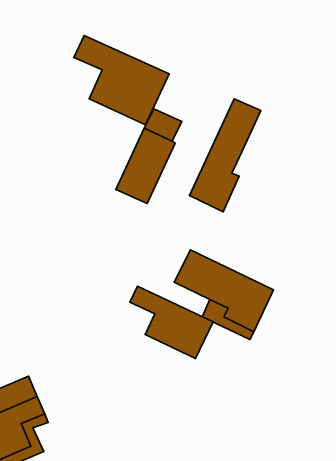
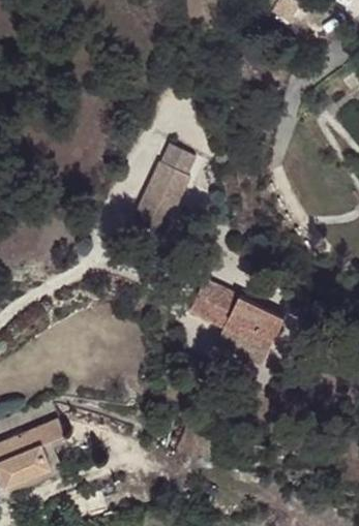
building: [74,35,169,125] -> none
building: [189,99,261,212] -> none
building: [130,286,213,359] -> none

